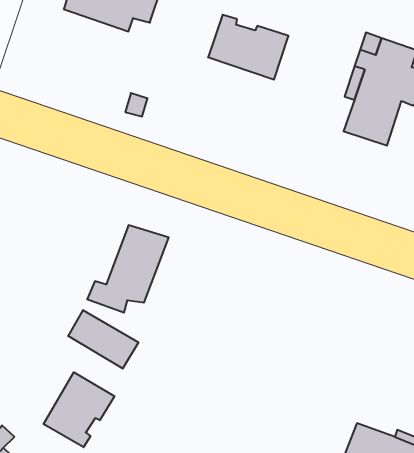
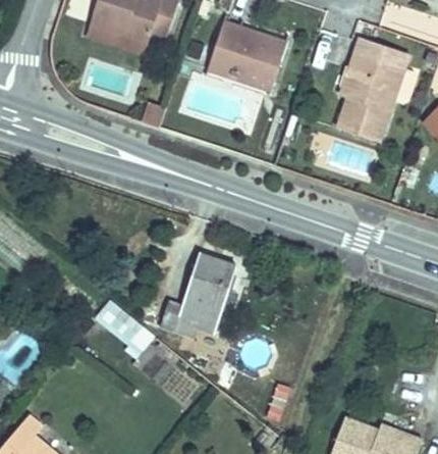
building: [87,225,169,313] -> [165,253,239,333]
building: [44,372,114,447] -> none

